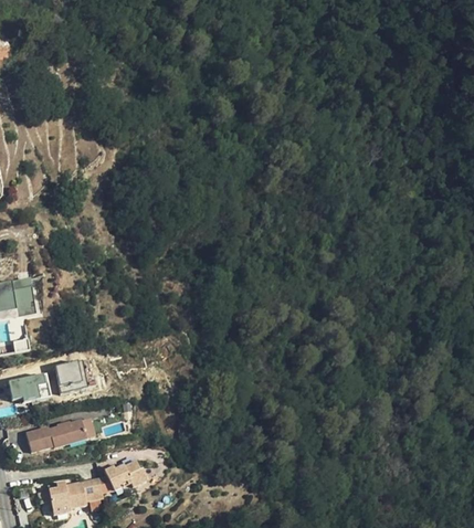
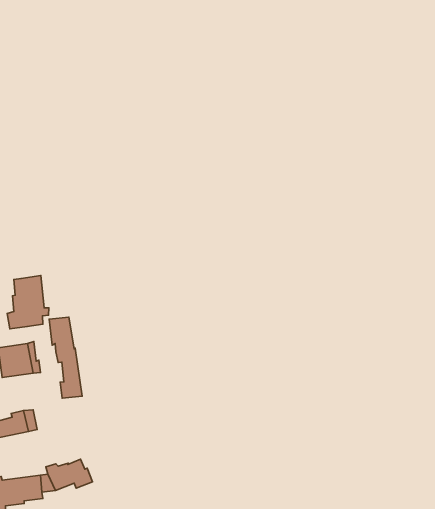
building: none -> [7,275,49,329]
building: none -> [49,317,82,398]

